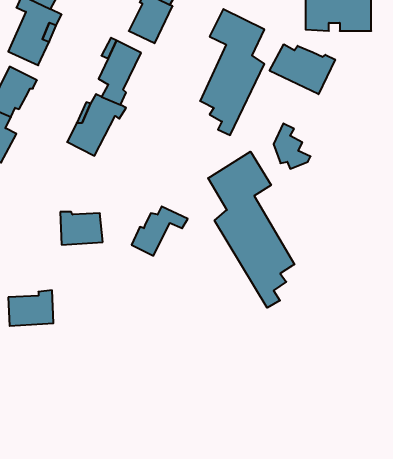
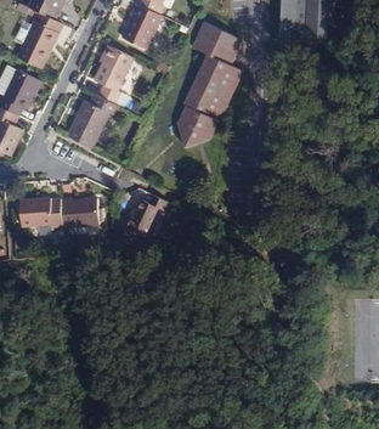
building: [270,44,335,94] -> none
building: [274,123,311,169] -> [180,101,213,141]
building: [208,152,294,308] -> none
building: [8,290,53,326] -> [23,198,63,230]

